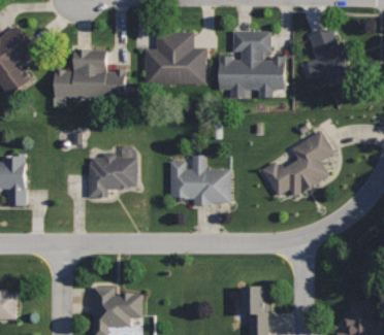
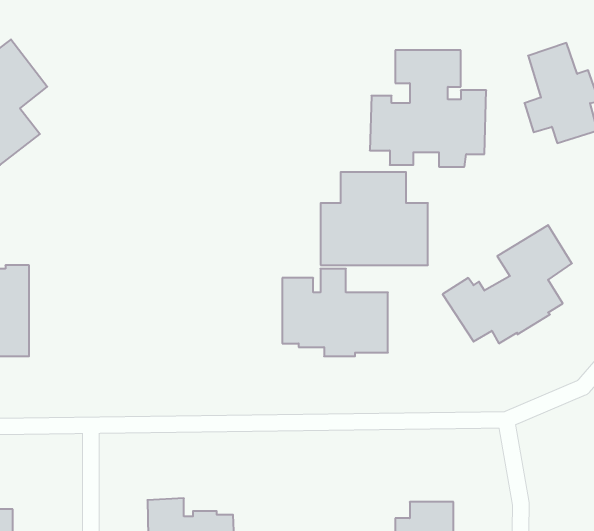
building: [145,31,205,83] -> [321,172,428,265]
building: [54,49,125,99] -> none
building: [88,154,136,198] -> none

